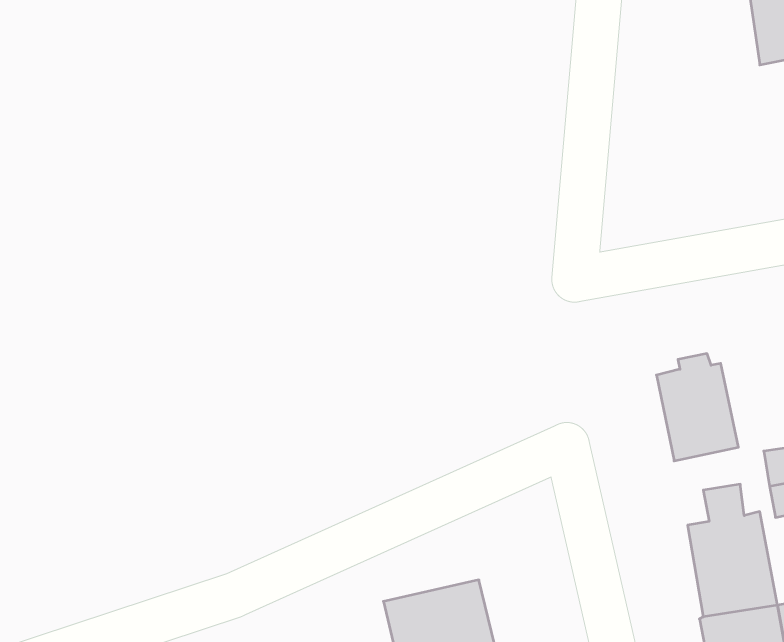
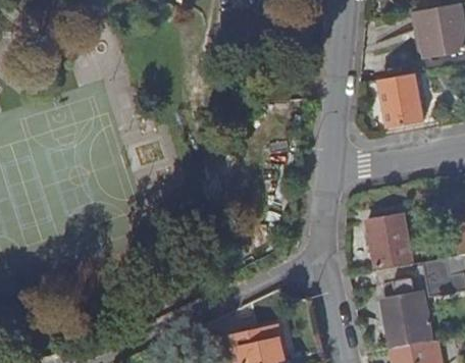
building: none -> [380,74,422,127]

